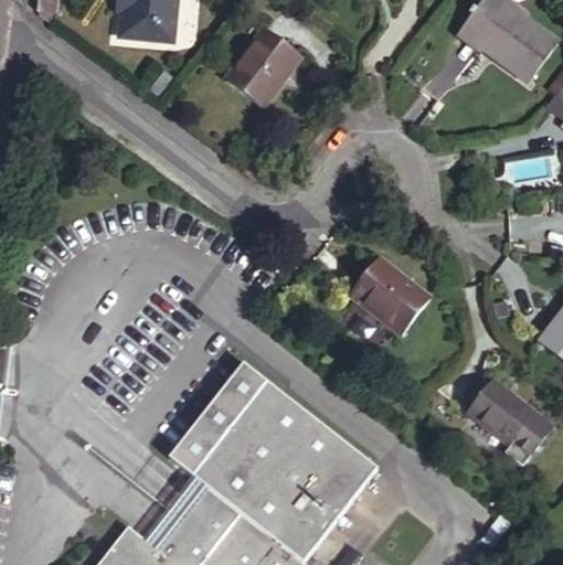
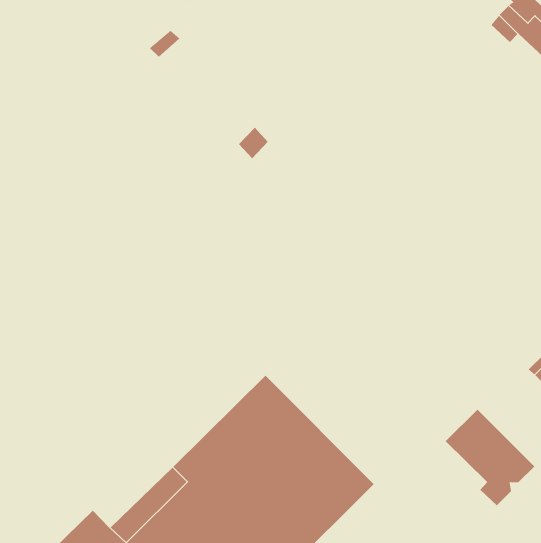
building: [225,36,294,110] -> none
building: [347,263,425,340] -> none
building: [189,356,288,470] -> none

